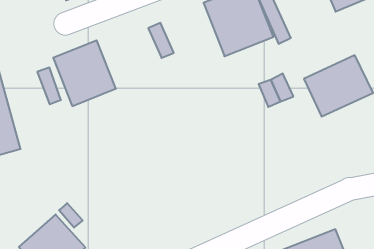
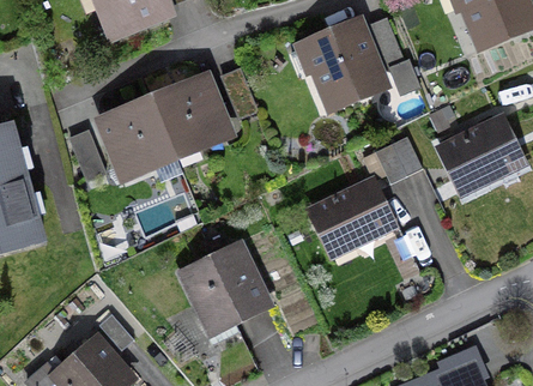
building: none -> [151,70,235,159]
building: none -> [305,173,396,258]
building: none -> [176,240,272,338]

